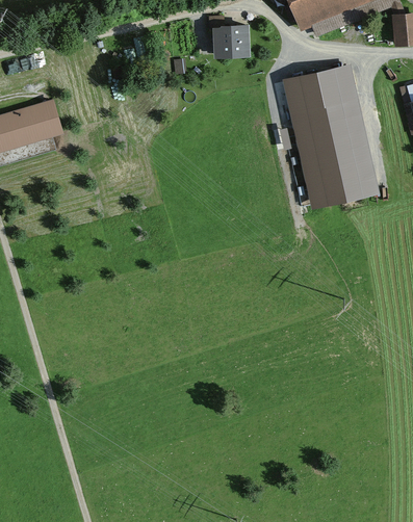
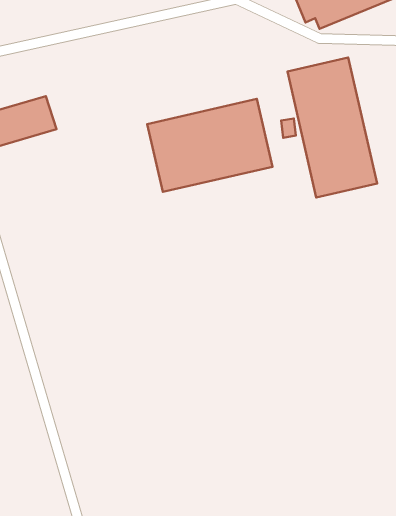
building: [213,26,250,55] -> none
building: none -> [147,99,272,192]

